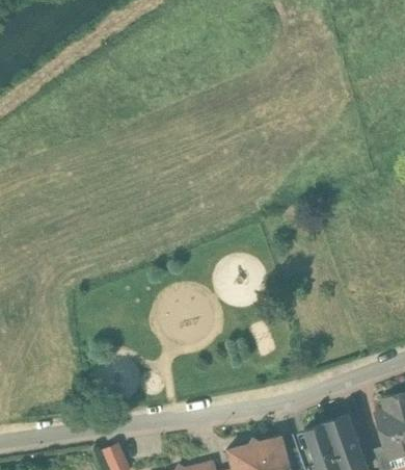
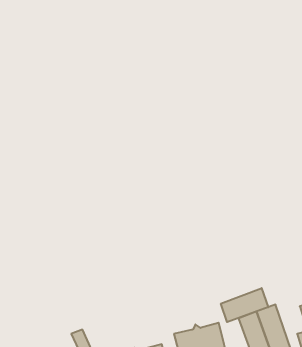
building: none -> [221,288,268,322]

